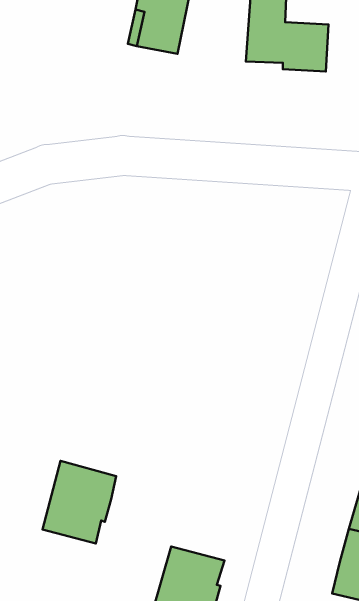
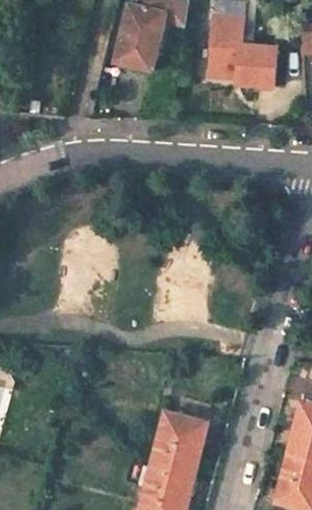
building: [43,461,116,543] -> [148,410,207,476]

